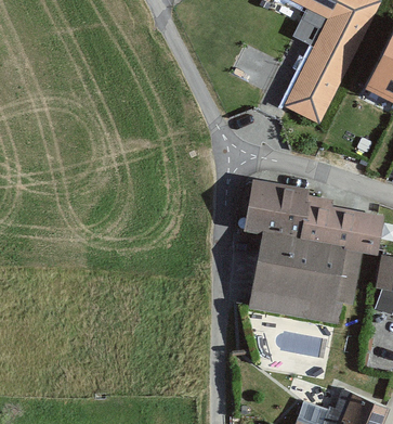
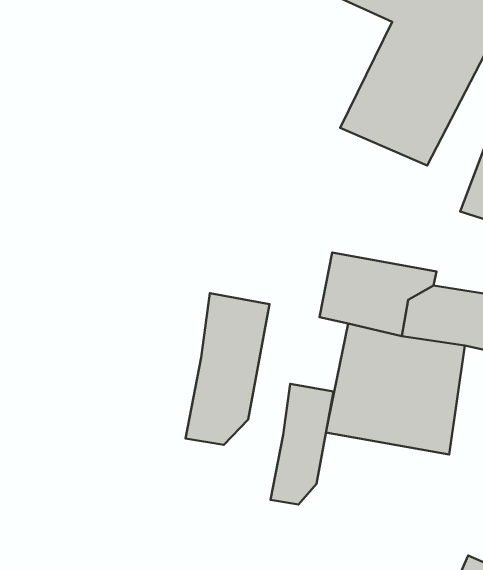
building: none -> [186,293,270,445]
building: none -> [271,384,334,504]

